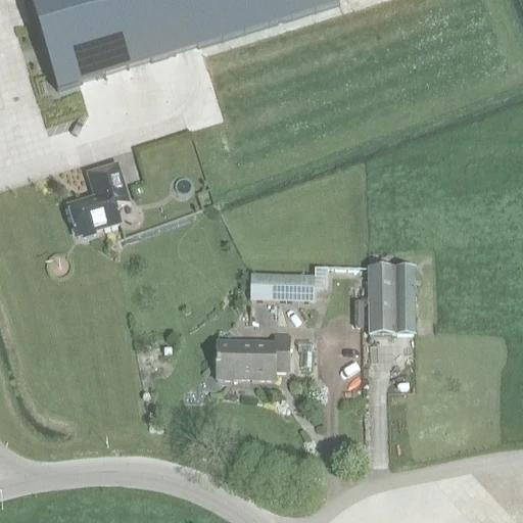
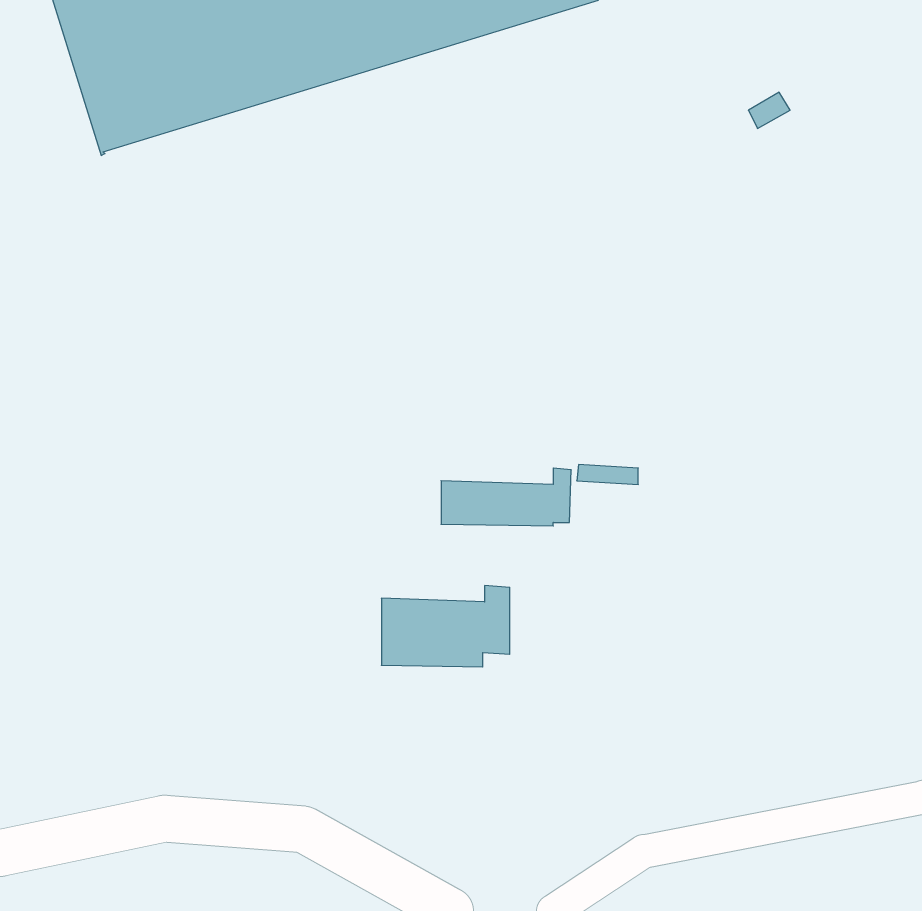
building: [67,161,129,234] -> none
building: [368,264,414,332] -> none

